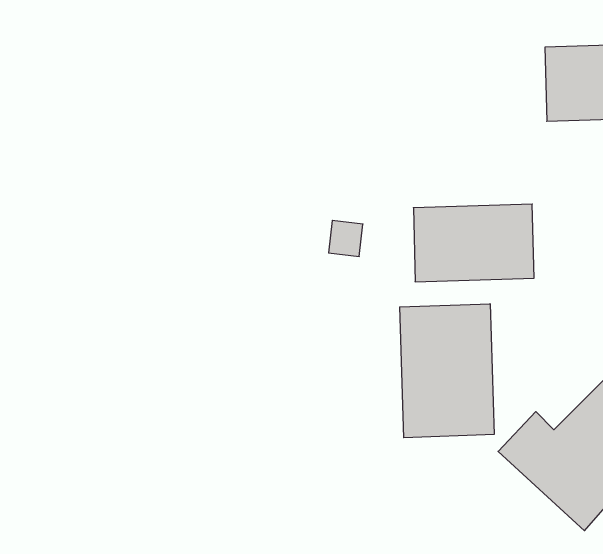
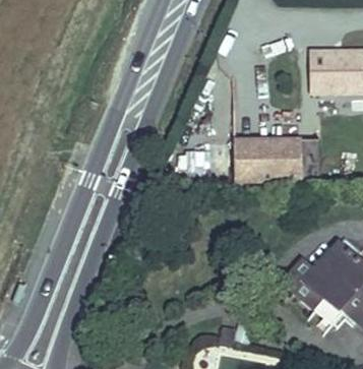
building: [400,304,494,438] -> none

